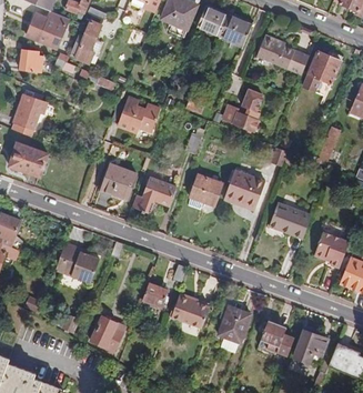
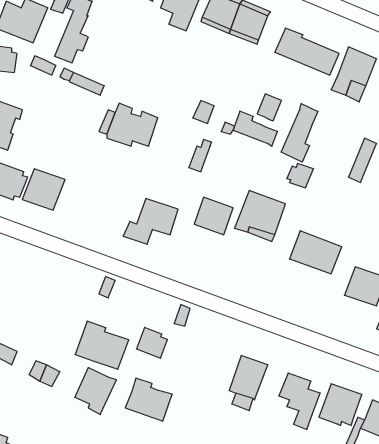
building: none -> [281,104,318,162]
building: [100,164,135,199] -> [22,169,65,210]
building: [54,242,99,282] -> [75,321,129,369]
building: [170,292,209,328] -> [125,378,172,421]

